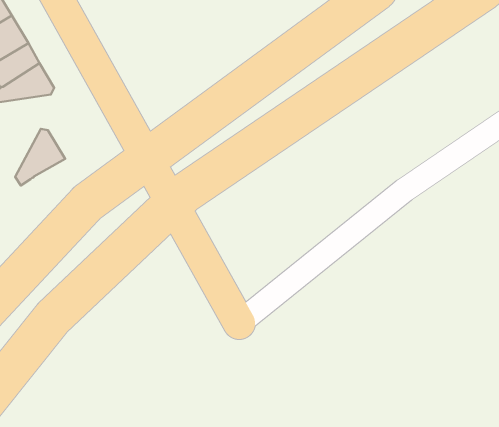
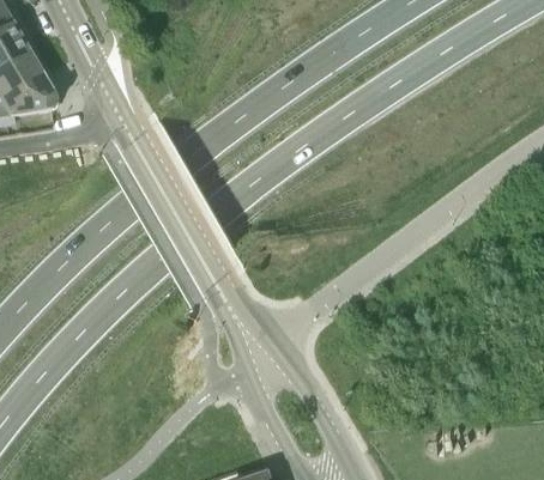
building: [15,129,65,186] -> none

